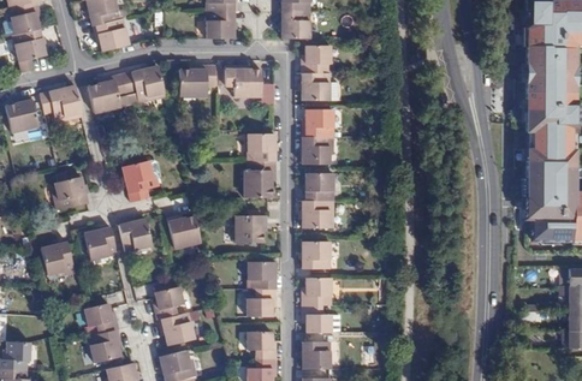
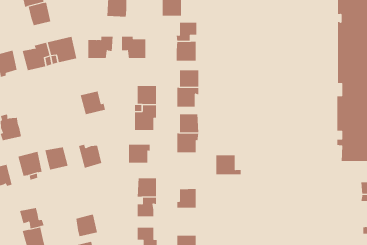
building: [123,161,159,195] -> [80,91,106,115]
building: [303,243,339,270] -> [215,155,241,175]
building: [154,285,185,320] -> none
building: [303,305,332,333] -> none

